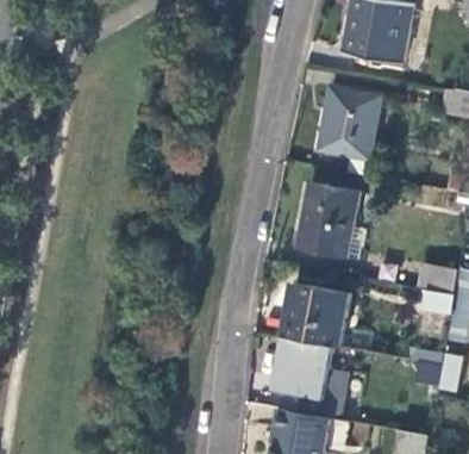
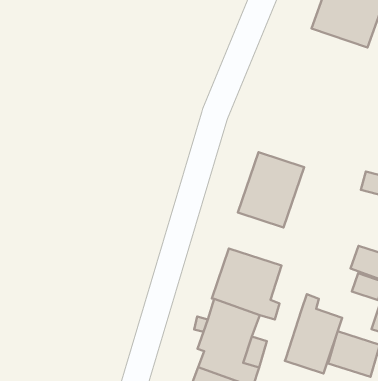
building: [319,89,377,157] -> none
building: none -> [285,294,342,373]

